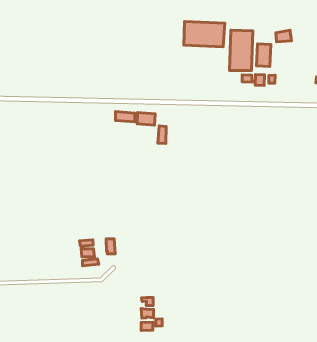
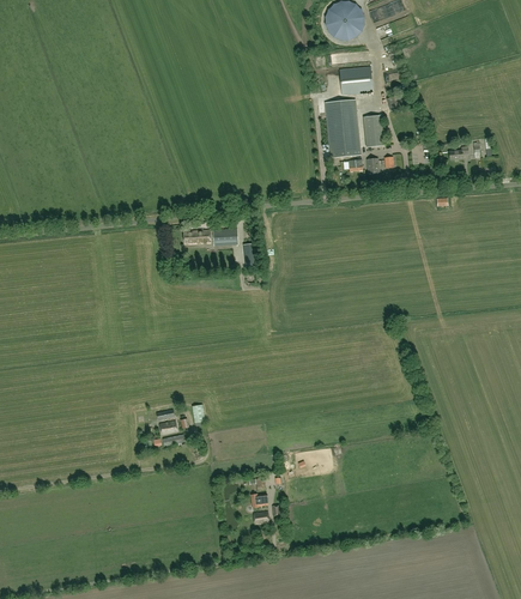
building: none -> [339,66,371,95]
building: [184,22,225,47] -> none

